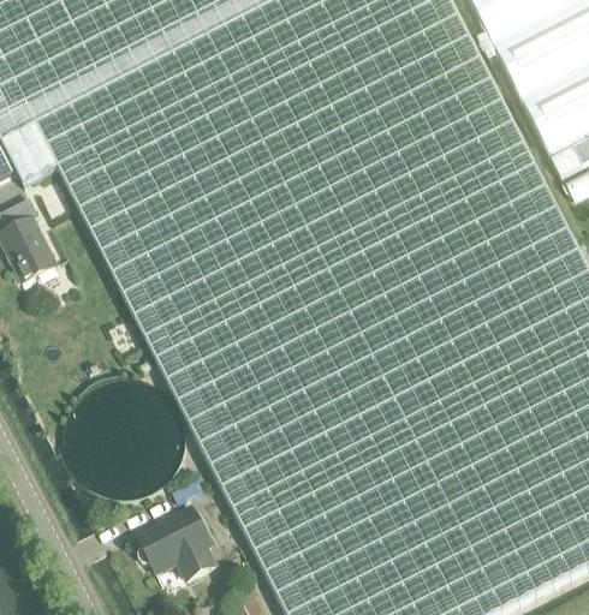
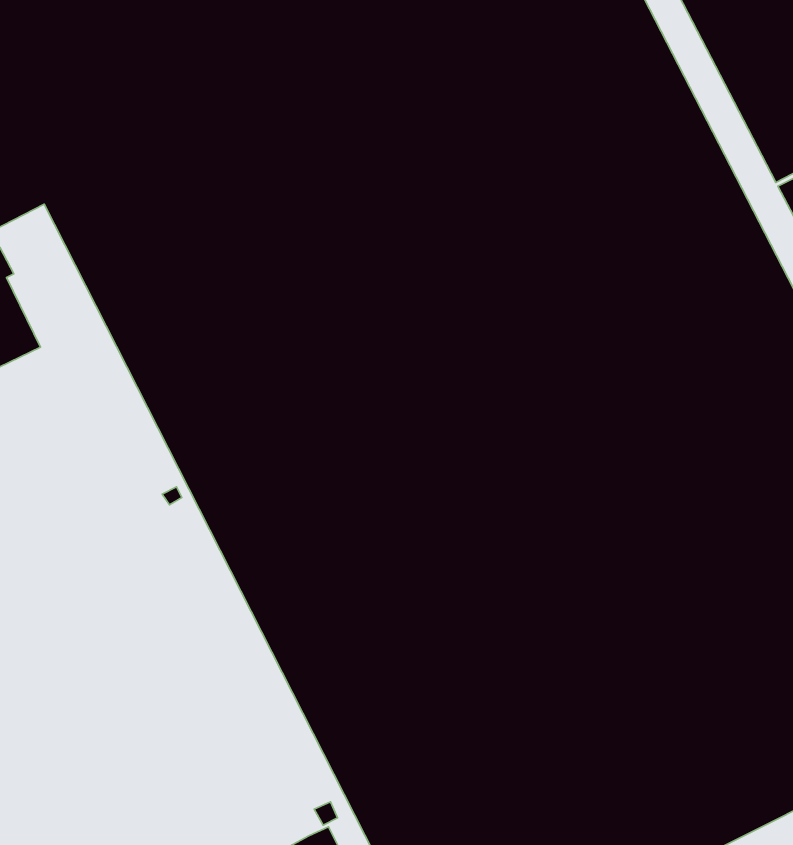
building: [142,509,220,583] -> none

